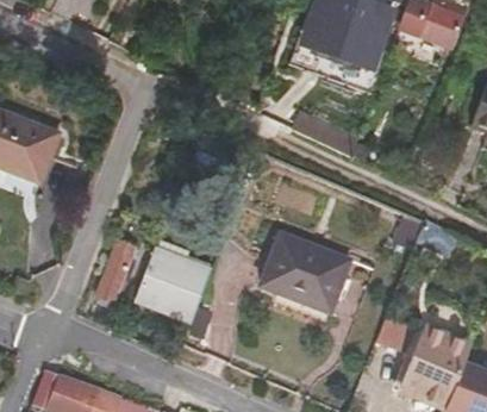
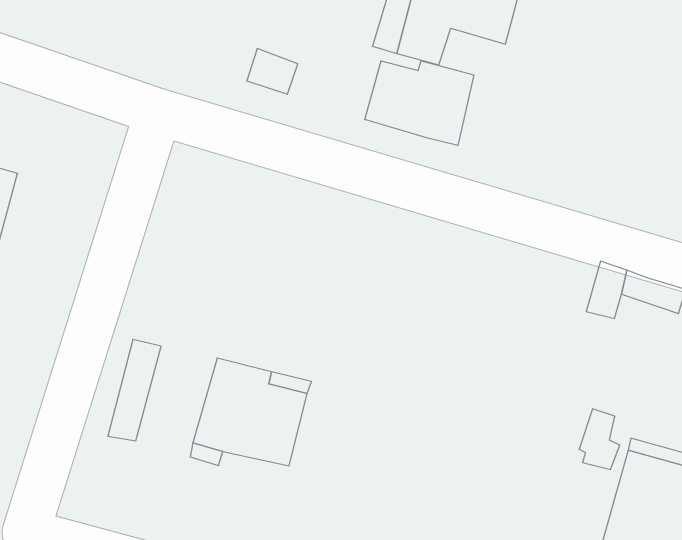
building: none -> [365,61,474,145]
building: [274,229,364,307] -> none

